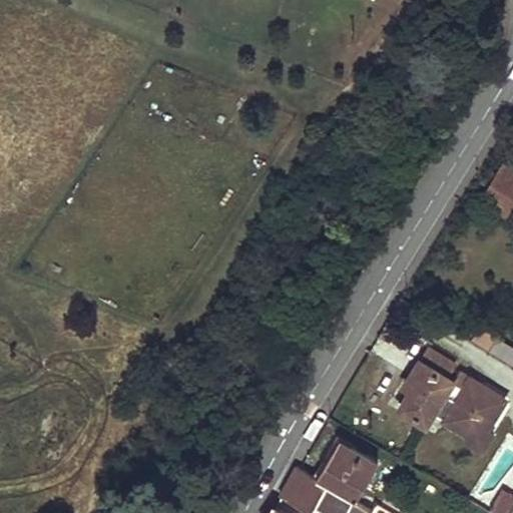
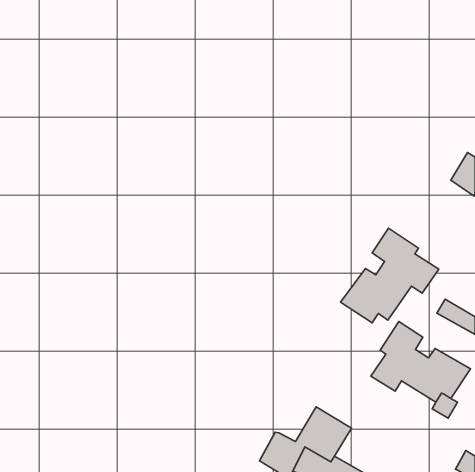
building: none -> [341,228,439,323]

